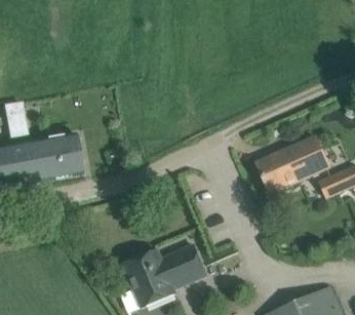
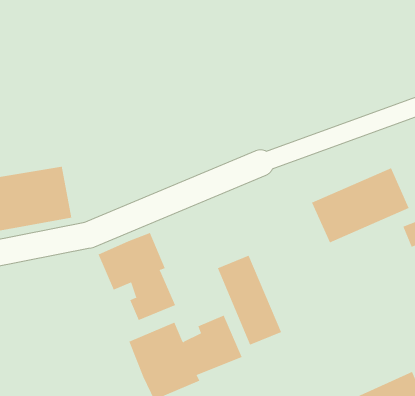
building: none -> [98,232,176,321]
building: none -> [217,255,282,346]

